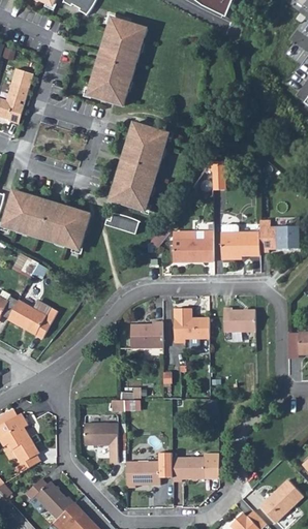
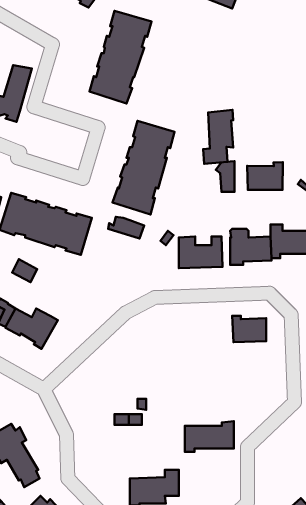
building: none -> [203,110,233,164]
building: none -> [247,162,283,190]
building: [173,308,208,347] -> none
building: [129,321,162,348] -> none
building: [83,423,117,462] -> none
building: [172,453,218,481] -> [185,421,234,452]

